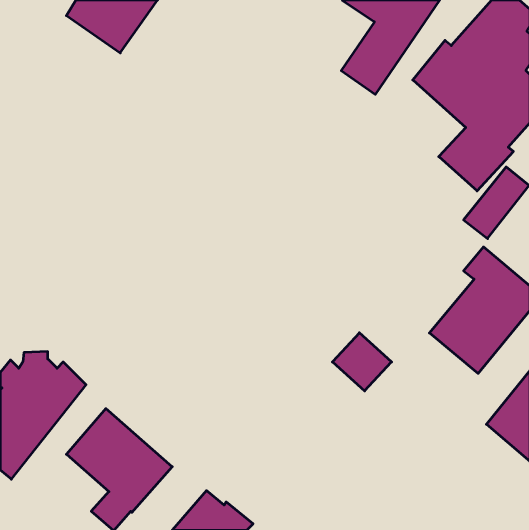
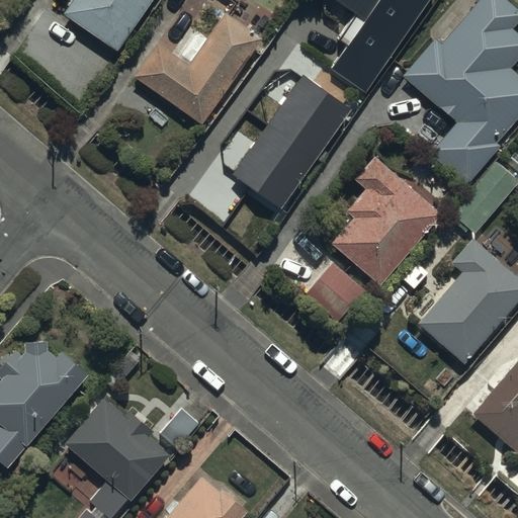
building: none -> [134,15,260,125]
building: none -> [233,74,349,208]
building: none -> [332,159,438,283]
building: [332,333,392,391] -> [309,264,366,321]

